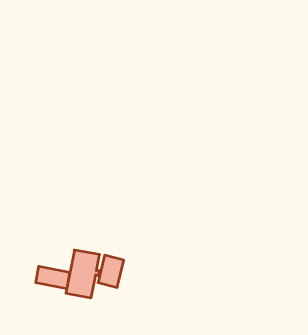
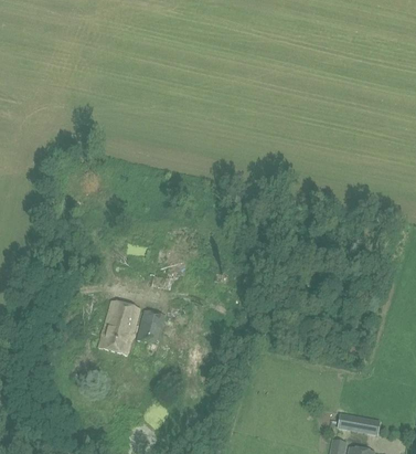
building: [36,266,70,289] -> none

